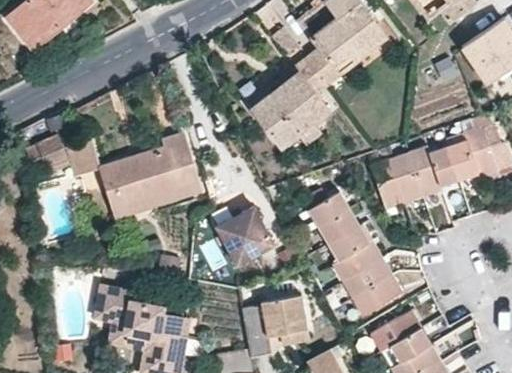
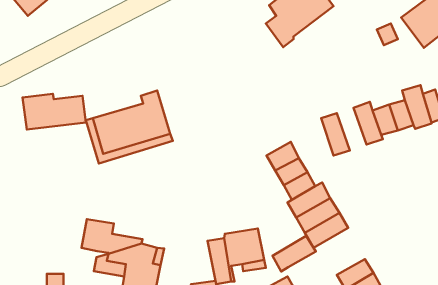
building: [247,48,327,147] -> none
building: [389,154,423,203] -> none
building: [216,207,274,266] -> none
building: [371,310,421,351] -> [272,236,316,272]

